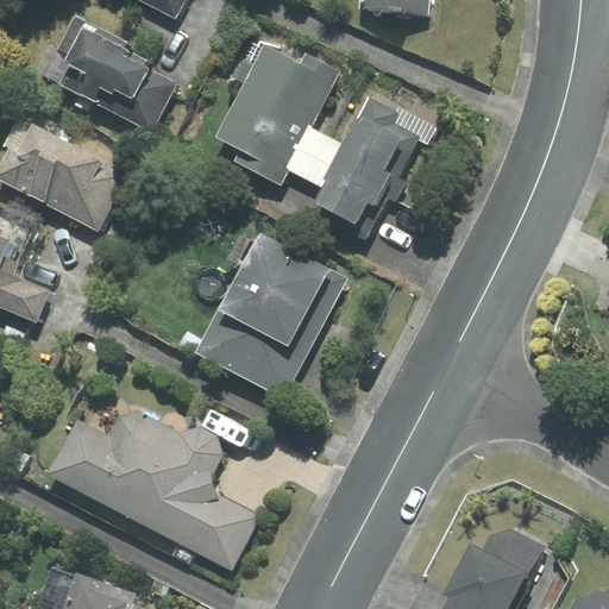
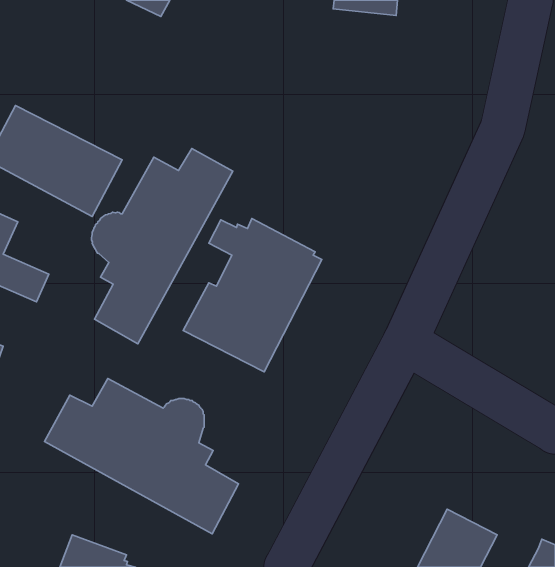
building: [54,17,171,132] -> none
building: [221,33,441,241] -> none
building: none -> [91,149,233,344]

